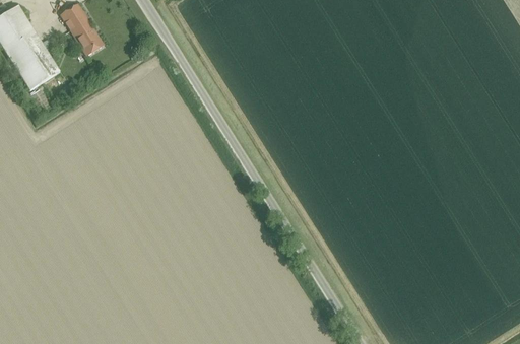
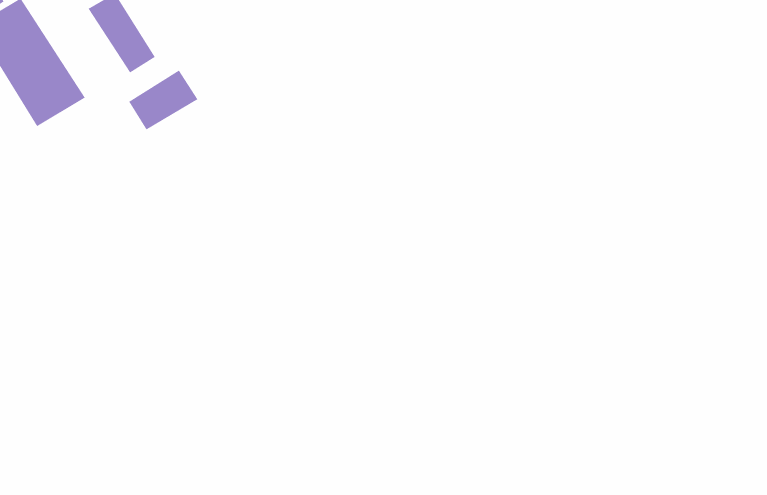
building: none -> [128,70,199,130]

